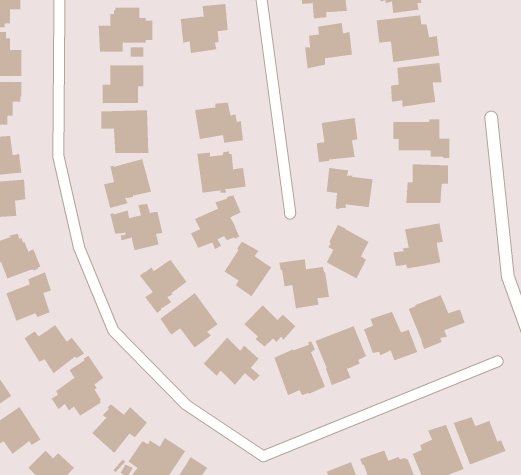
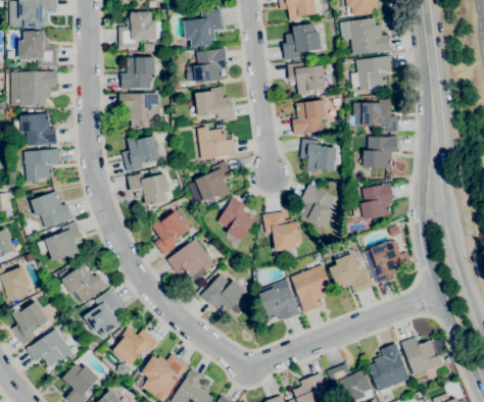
building: none -> [186,47,228,83]
building: none -> [287,62,326,95]
building: [243,305,296,348] -> none

